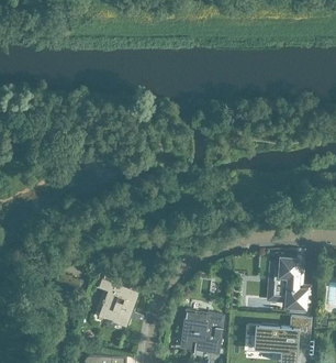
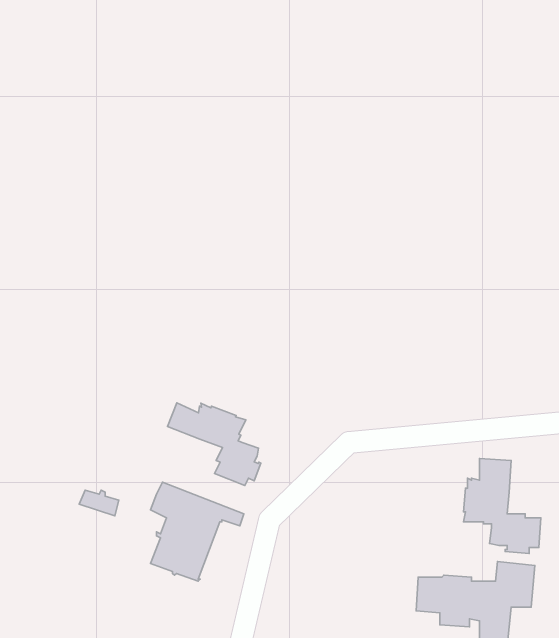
building: none -> [167,403,261,485]
building: [180,311,224,353] -> none

